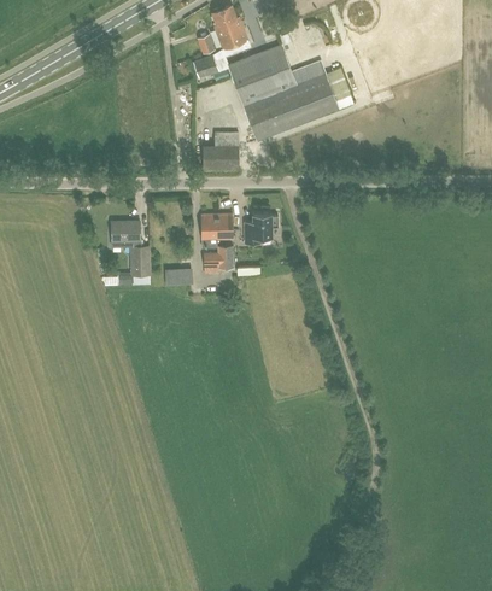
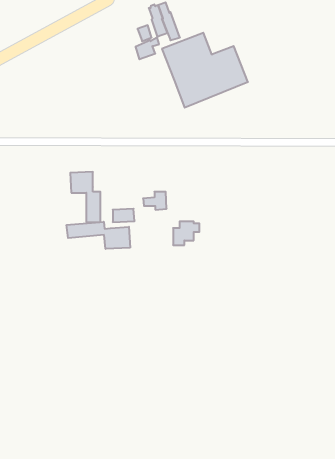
building: [204,133,239,166] -> none
building: [201,213,233,247] -> none
building: [245,213,279,244] -> [173,221,199,245]
building: none -> [67,222,130,249]

